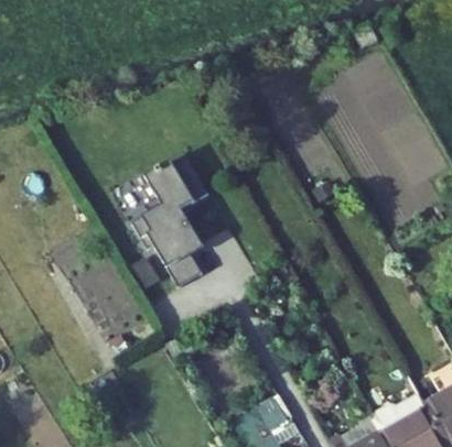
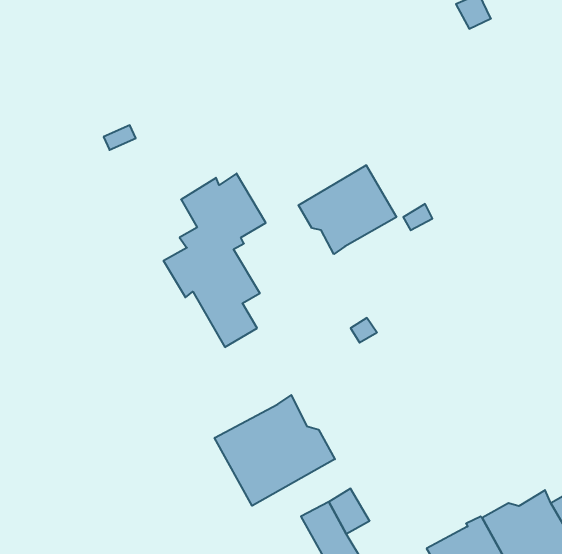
building: none -> [298,165,396,254]
building: none -> [215,395,335,506]

